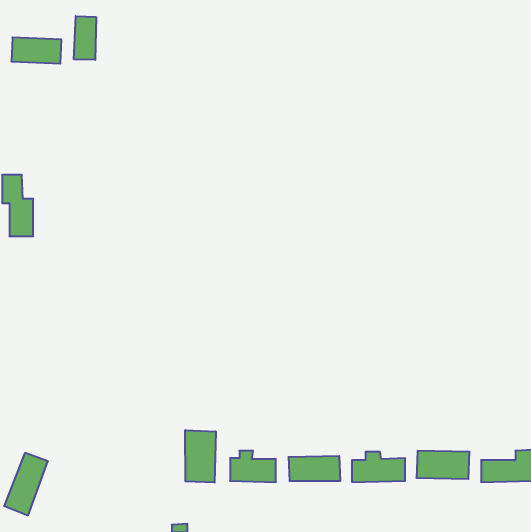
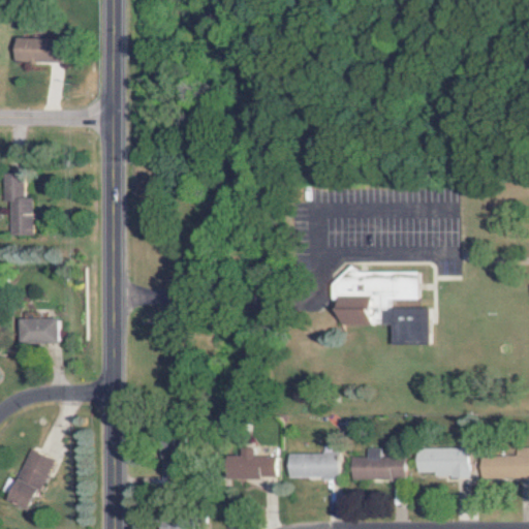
building: [74,16,96,60] -> none
building: none -> [333,272,428,343]
building: none -> [20,318,59,344]
building: [185,430,216,483] -> none

